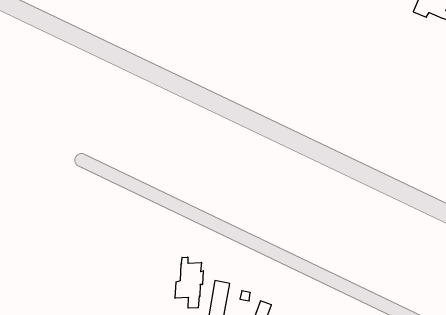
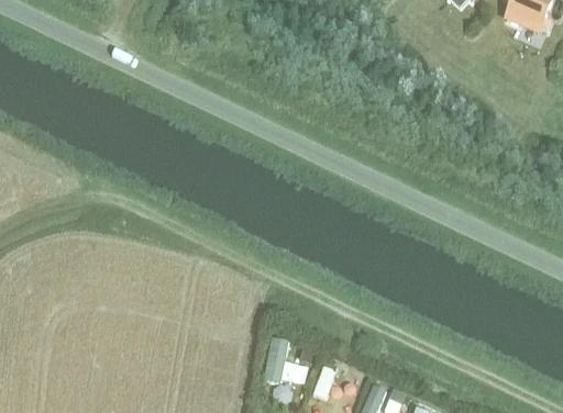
building: [175,257,203,308] -> none

